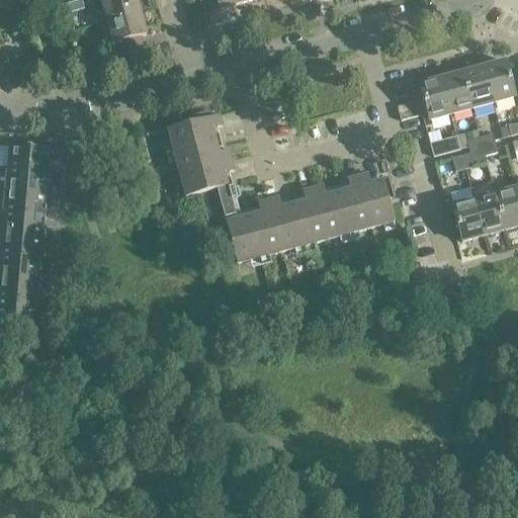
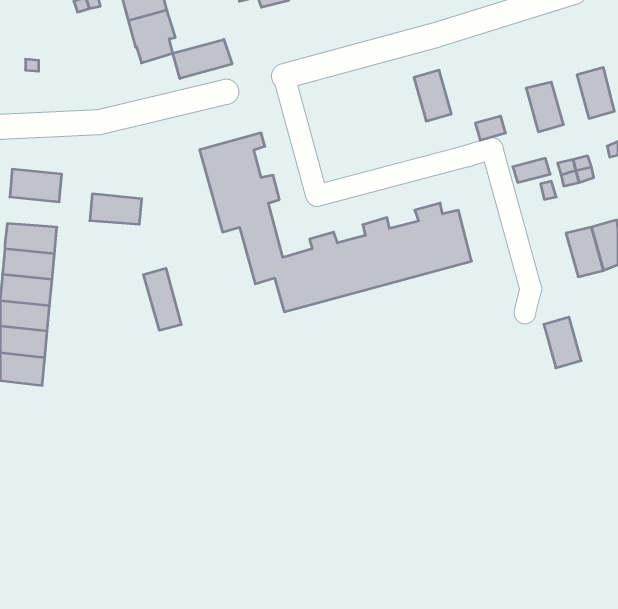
building: none -> [173,39,232,79]
building: [461,63,493,104] -> none
building: [419,74,450,116] -> [414,70,451,121]
building: [6,165,50,190] -> [90,194,142,224]
building: [452,195,484,238] -> [544,317,581,368]
building: none -> [143,268,181,330]

